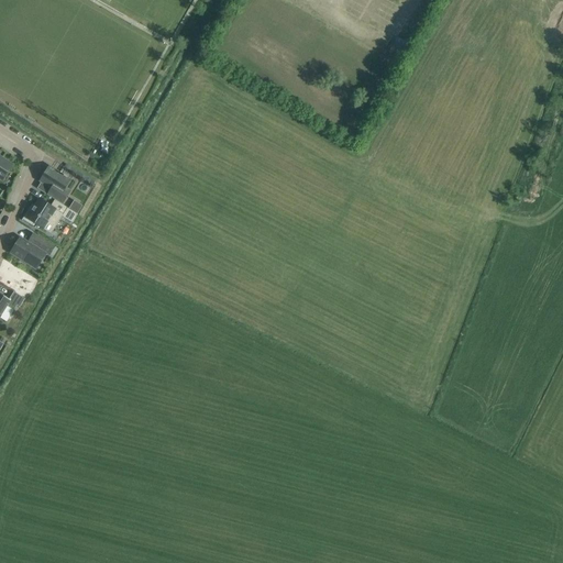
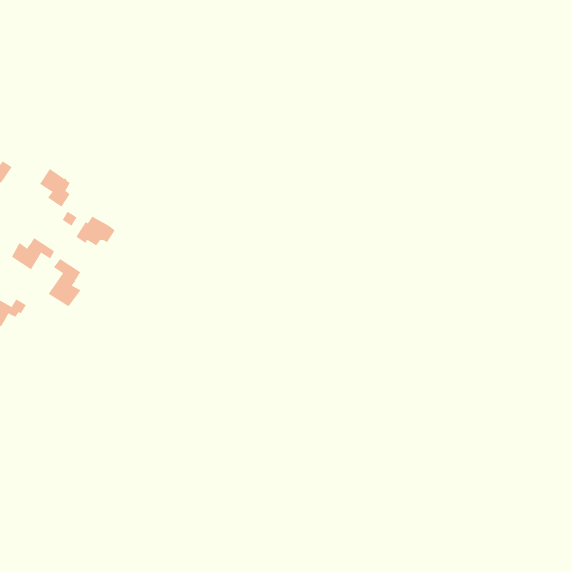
building: [21,198,60,228] -> [75,216,115,246]
building: none -> [48,258,82,307]

